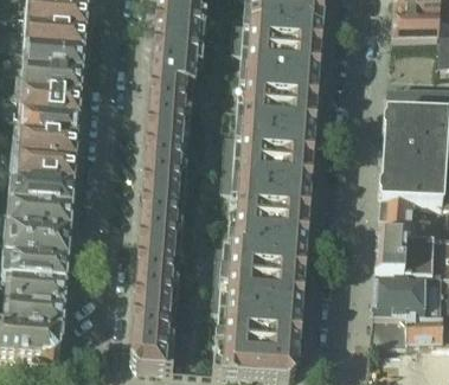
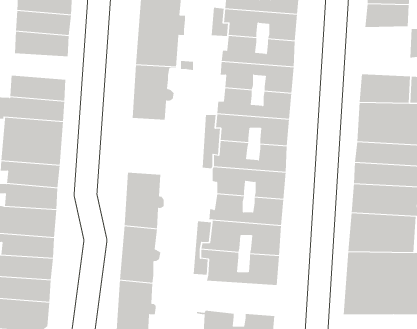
building: [23,63,82,90] -> none
building: [143,130,187,190] -> none
building: [216,301,301,338] -> none

